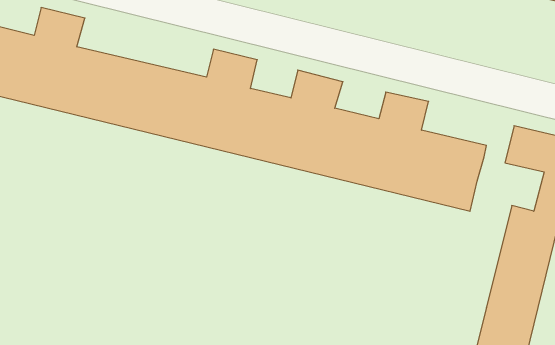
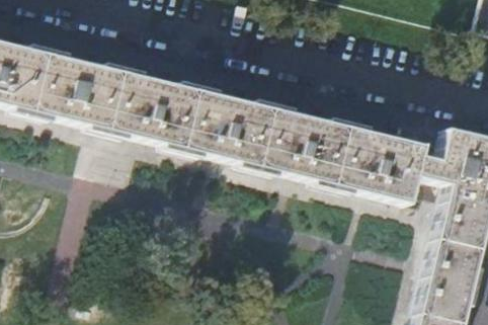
building: none -> [418,156,477,204]

